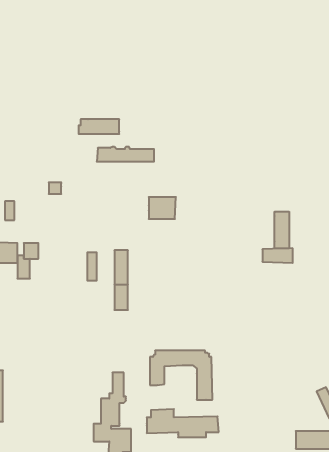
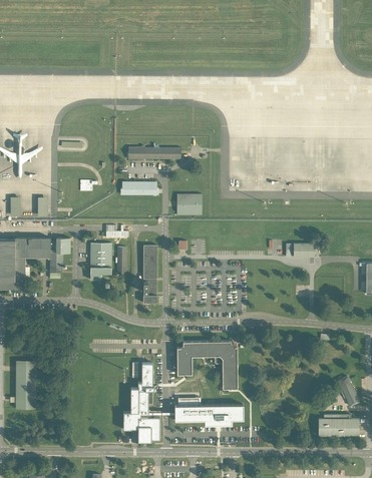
building: [79,119,119,134] -> [117,181,156,195]
building: [275,212,289,248] -> none
building: none -> [89,243,110,280]

